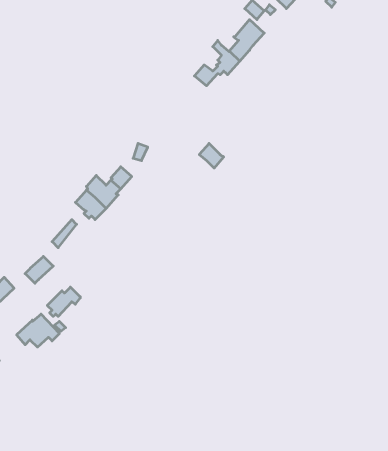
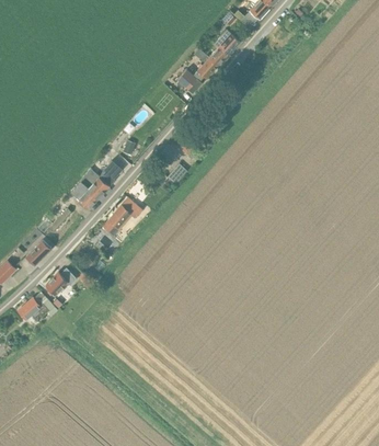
building: none -> [103,197,142,236]

